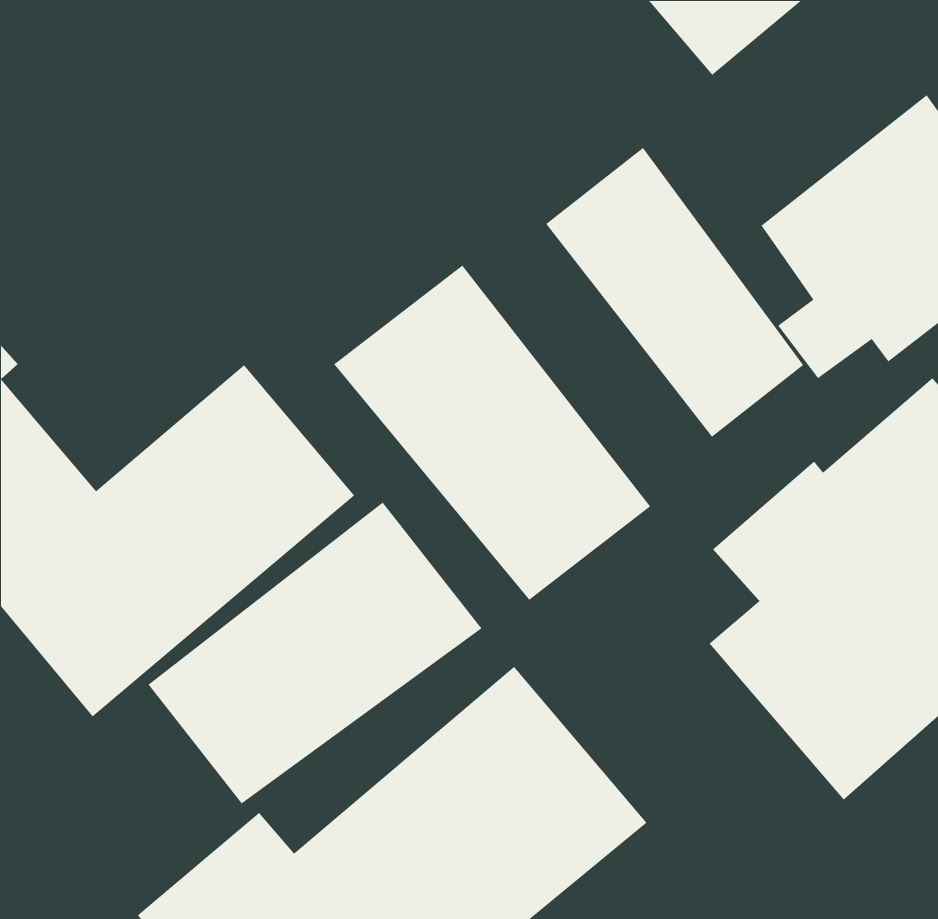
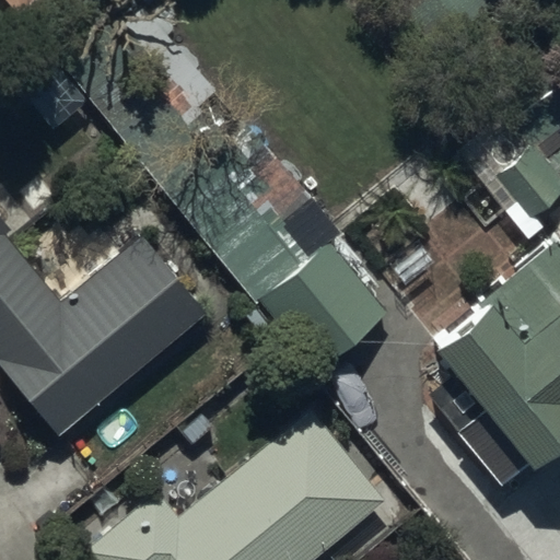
building: [545,147,804,438] -> none
building: [148,502,483,804] -> none

